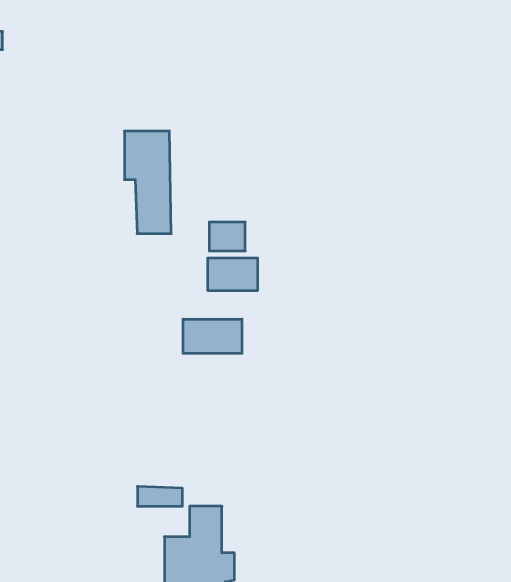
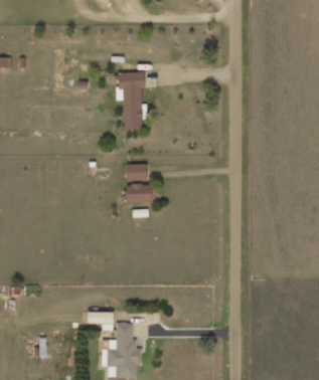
building: [124,131,171,234] -> [117,72,143,130]
building: [183,319,242,353] -> none

